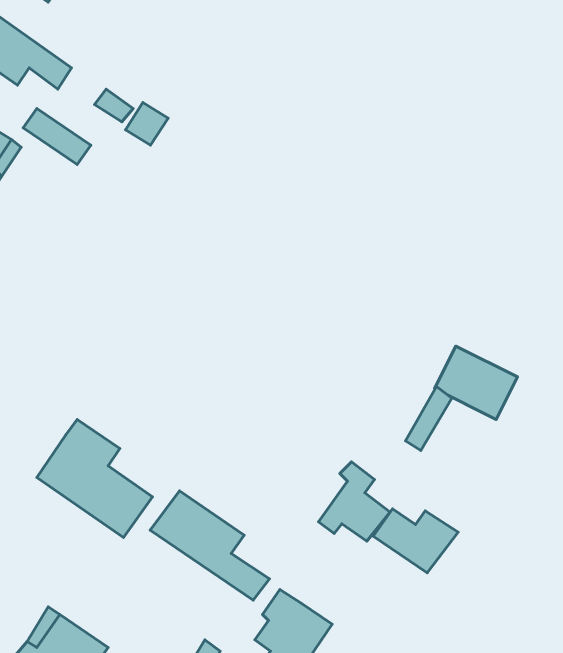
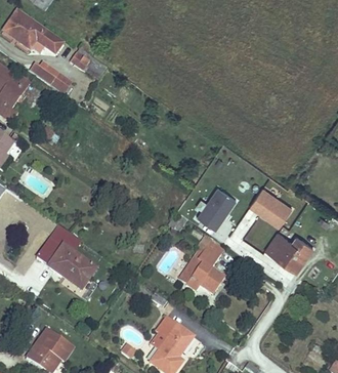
building: none -> [196,185,237,229]
building: [150,491,270,600] -> none
building: [373,509,458,573] -> [267,235,312,268]

